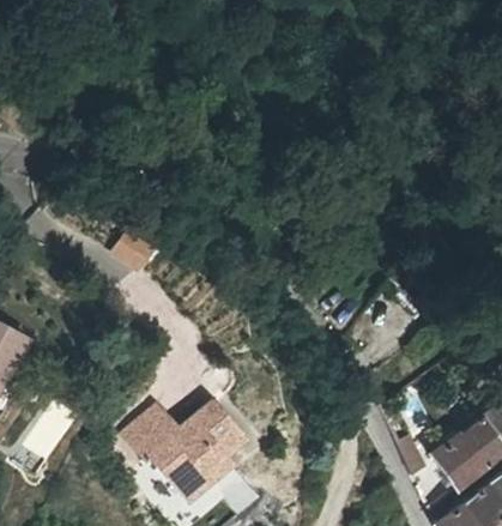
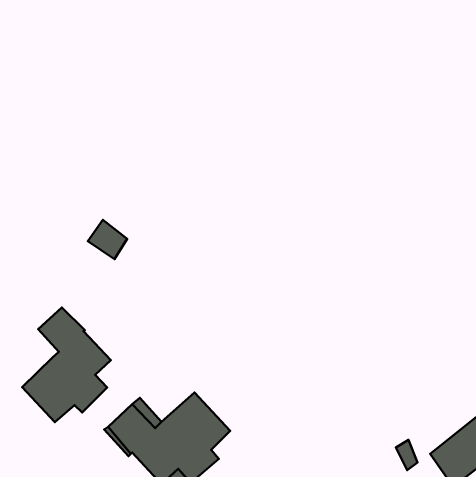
building: none -> [22,308,111,422]

